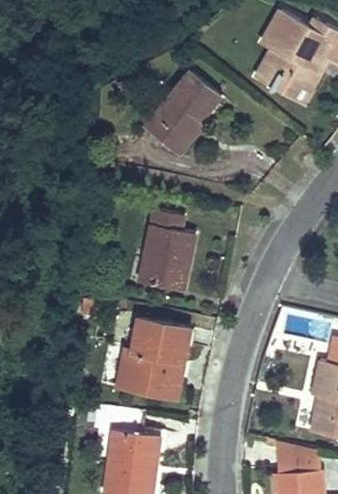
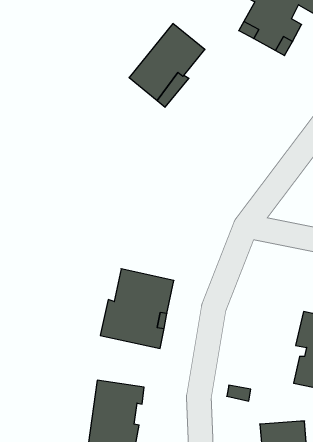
building: [139,209,194,289] -> none
building: [275,442,317,473] -> none

